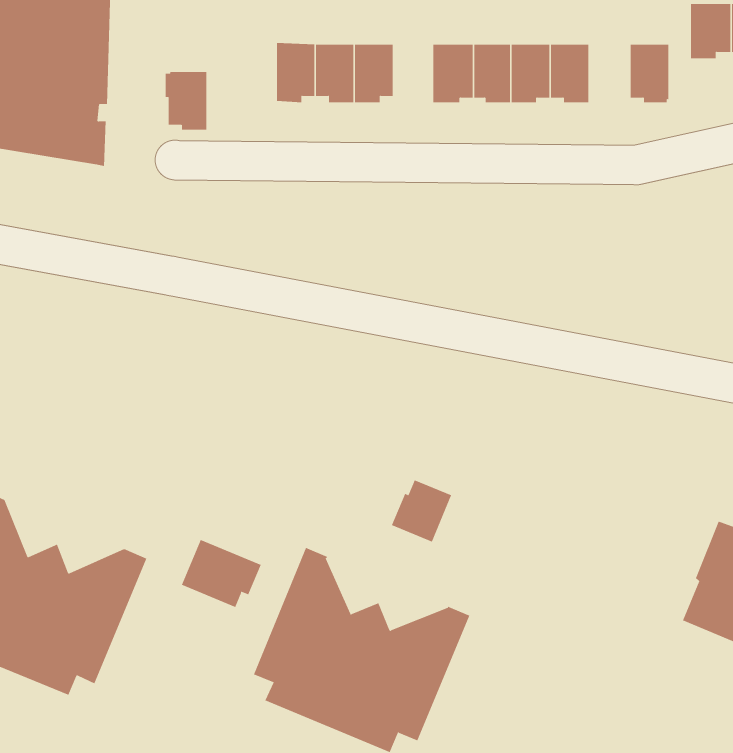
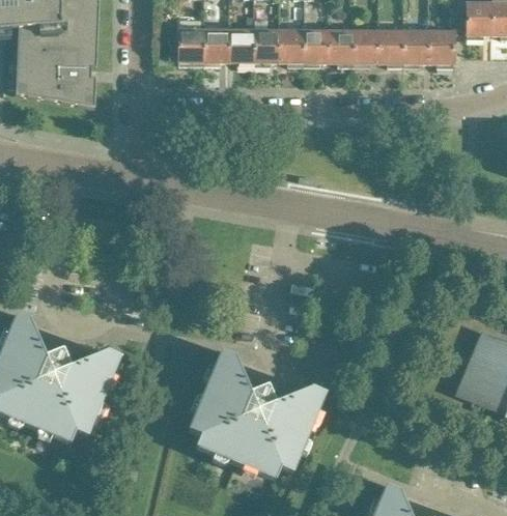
building: none -> [278,29,303,66]
building: none -> [402,29,428,66]
building: [165,71,207,130] -> [176,28,203,65]
building: [391,479,452,542] -> none
building: [181,539,261,608] -> none

